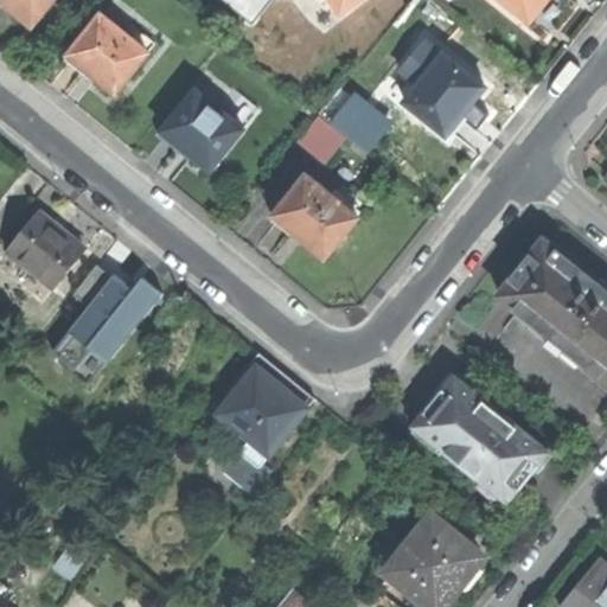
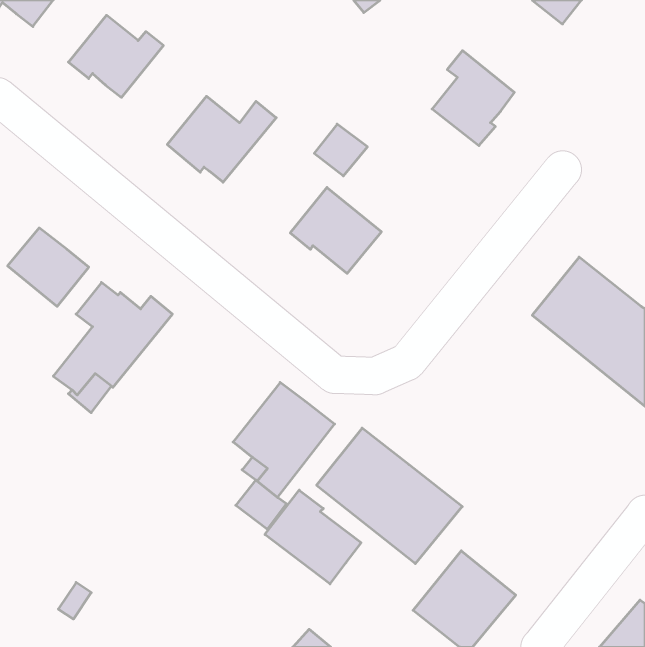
building: [320,88,389,148] -> none
building: [411,376,548,503] -> [317,428,462,564]
building: none -> [265,490,361,584]

